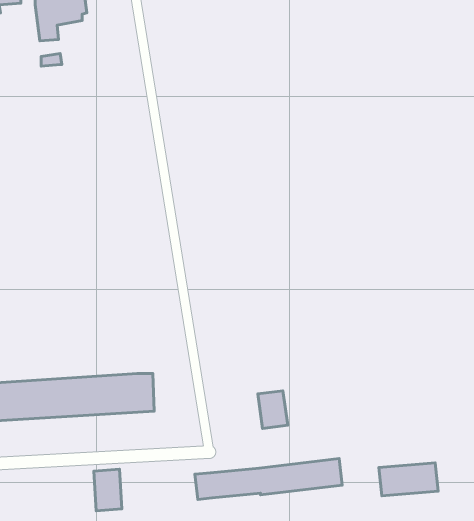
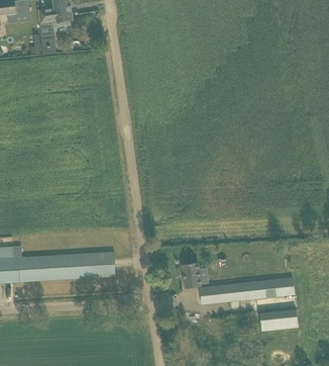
building: [195,459,342,499] -> [199,277,294,303]
building: [94,469,122,511] -> none

